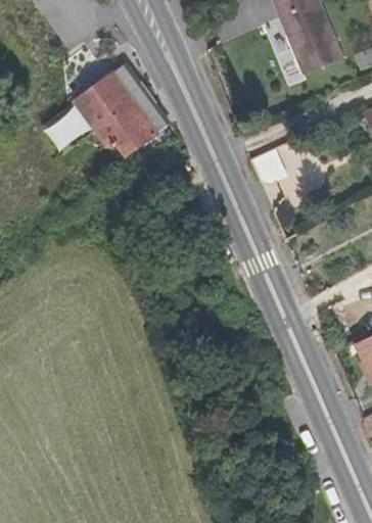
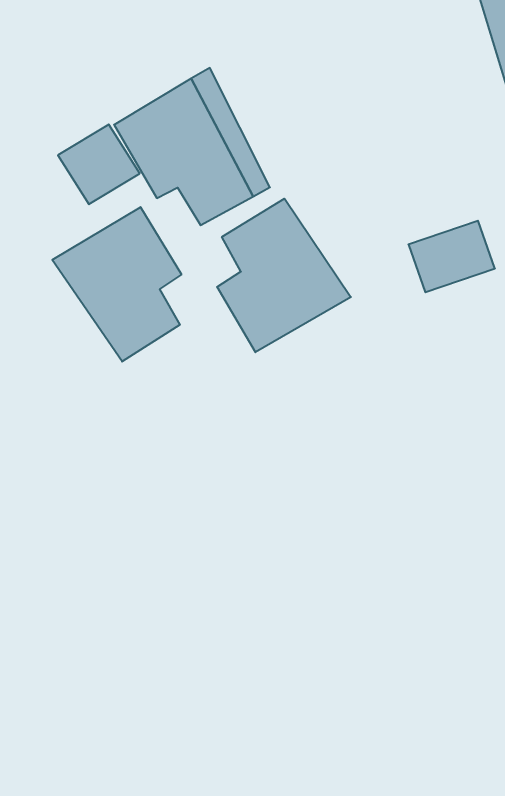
building: none -> [217,199,351,352]
building: none -> [52,207,181,362]

